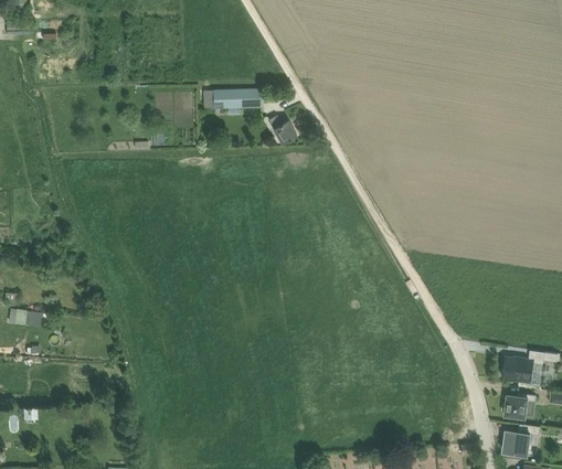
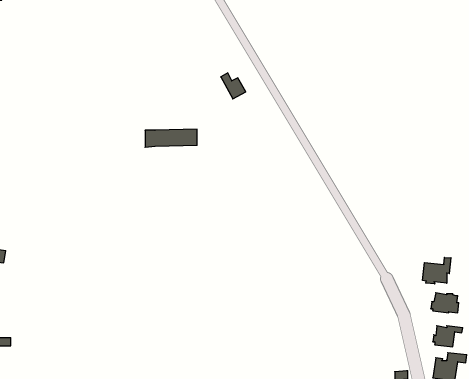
building: [203,89,261,109] -> [145,129,197,147]
building: none -> [423,257,451,284]

